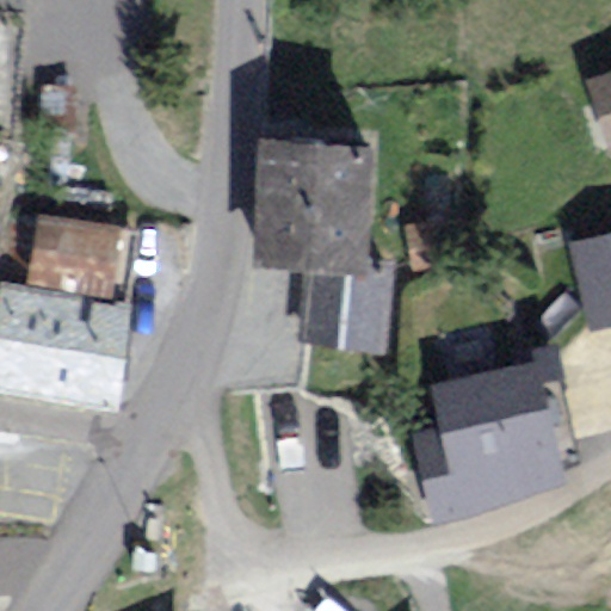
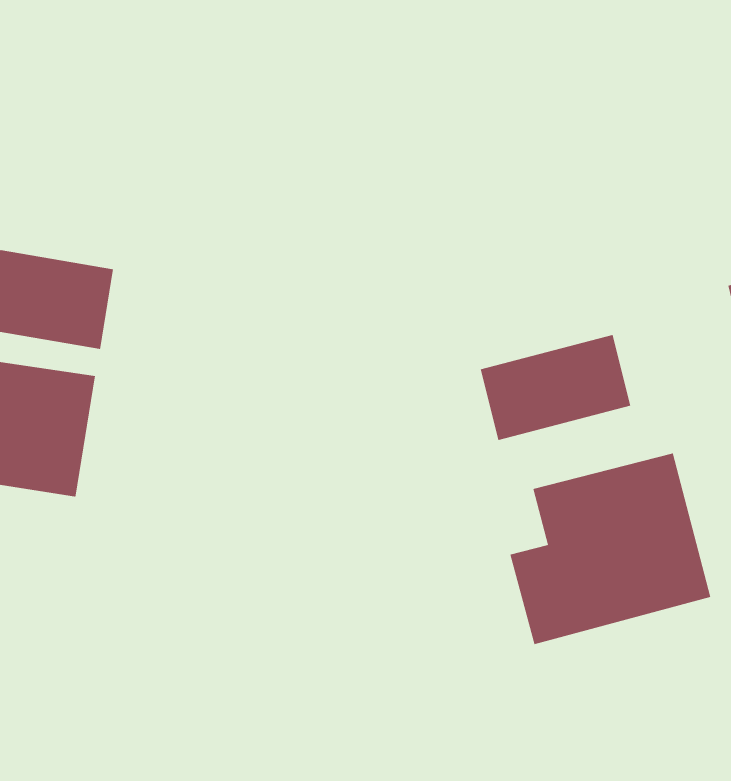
building: [264,144,383,338] -> none
building: none -> [480,334,631,441]

